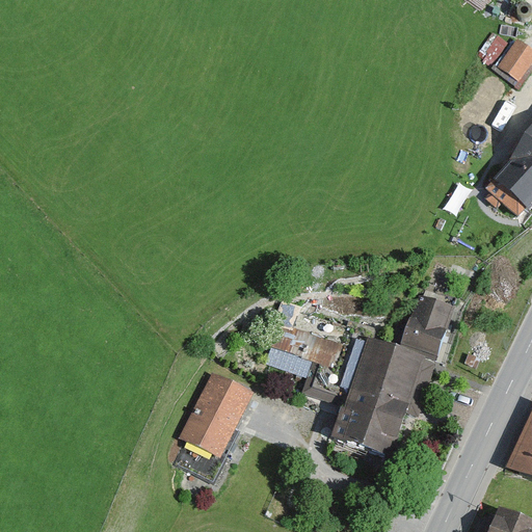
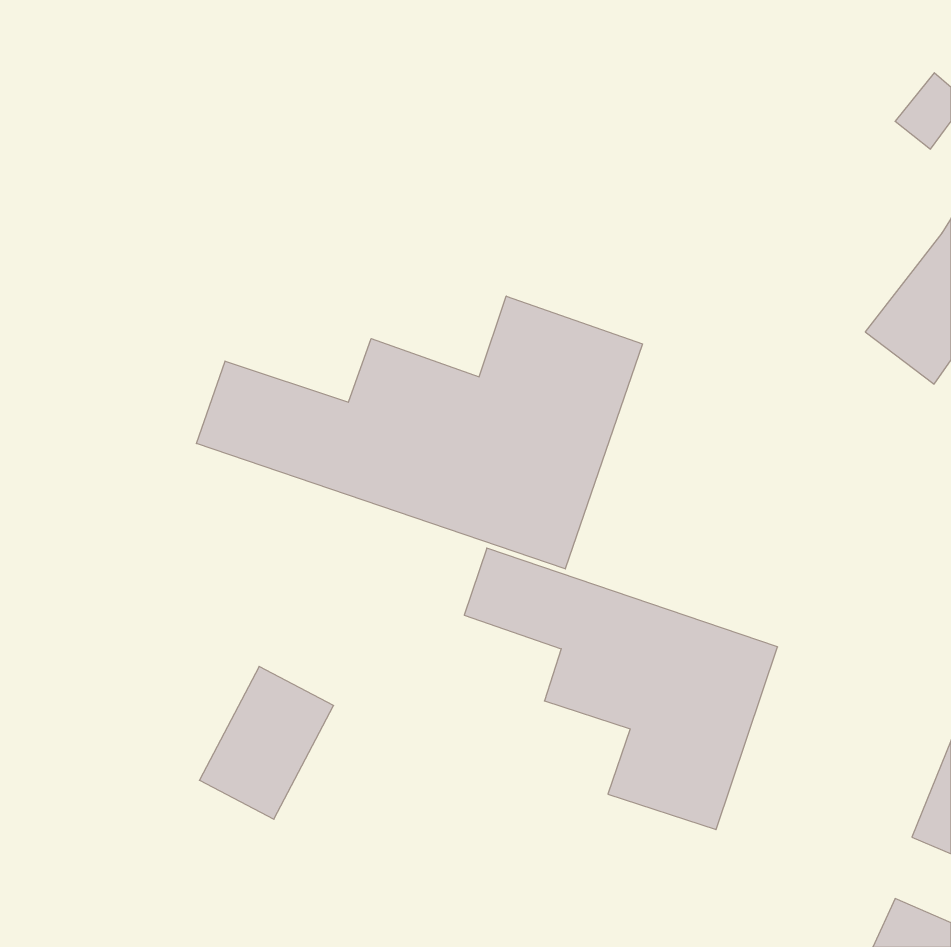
building: none -> [196,296,642,569]
building: [400,293,458,358] -> none
building: [180,375,255,460] -> [199,666,334,819]

